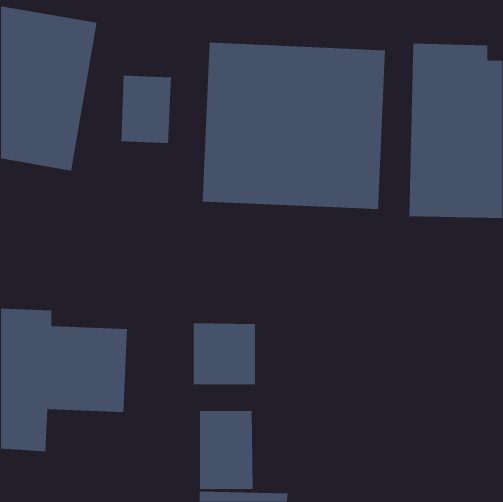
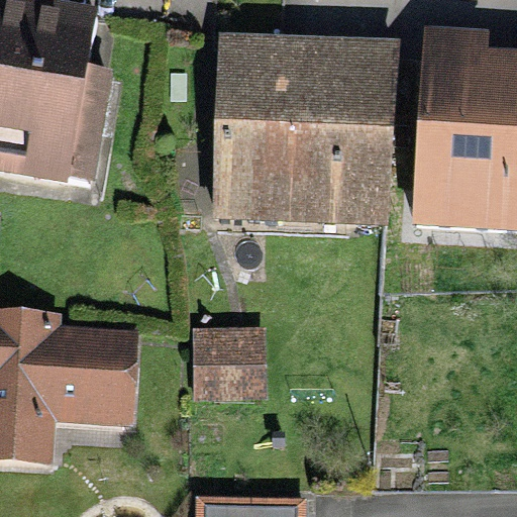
building: [121,75,171,144] -> none
building: [200,410,253,490] -> none

